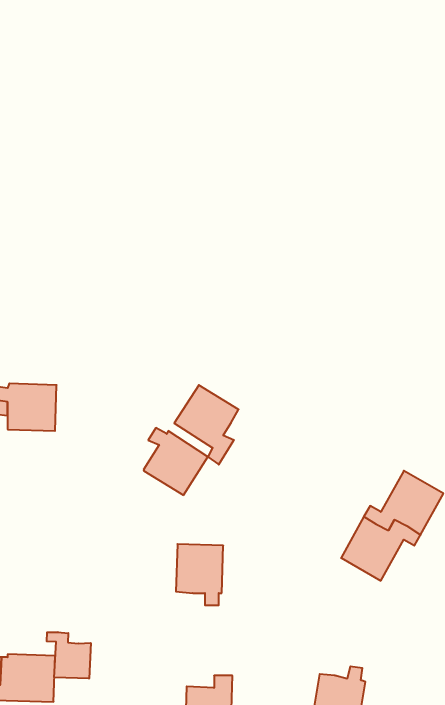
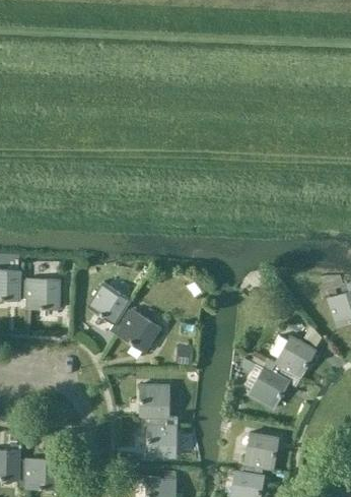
building: [174,385,239,465] -> [88,282,131,334]
building: none -> [147,417,178,456]
building: none -> [244,433,279,474]
building: [47,632,91,679] -> none

